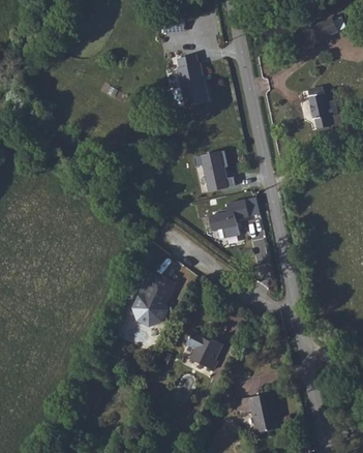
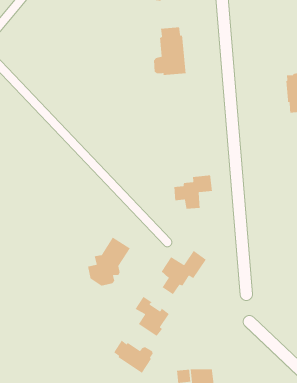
building: [192,151,235,191] -> none
building: none -> [161,250,207,295]
building: none -> [113,340,153,374]

